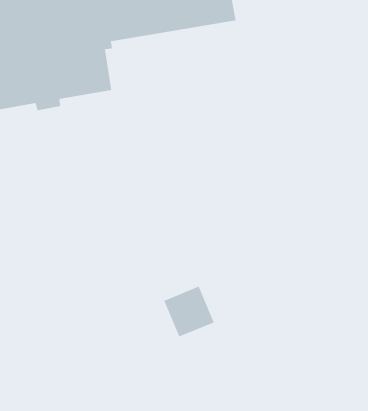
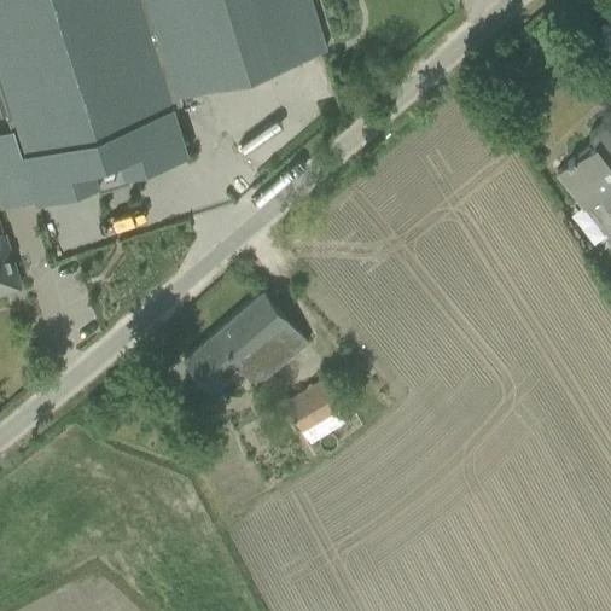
building: none -> [182,291,307,391]

